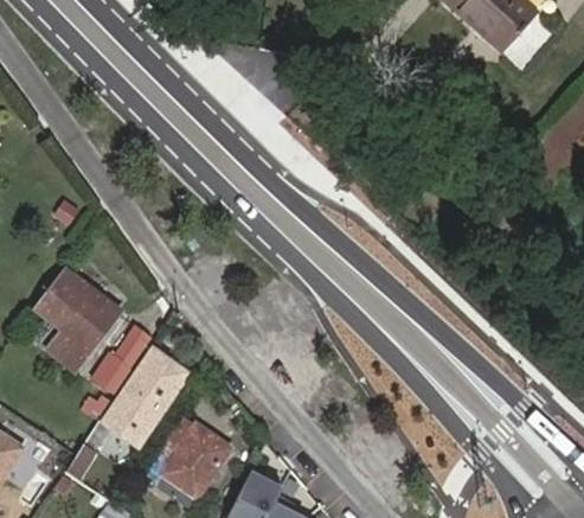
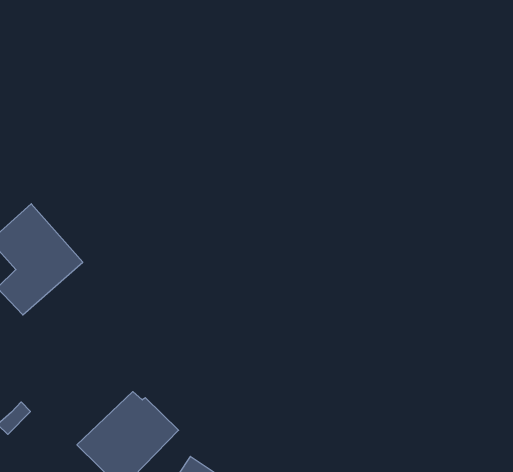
building: [94,328,150,392] -> none
building: [104,354,184,448] -> none

